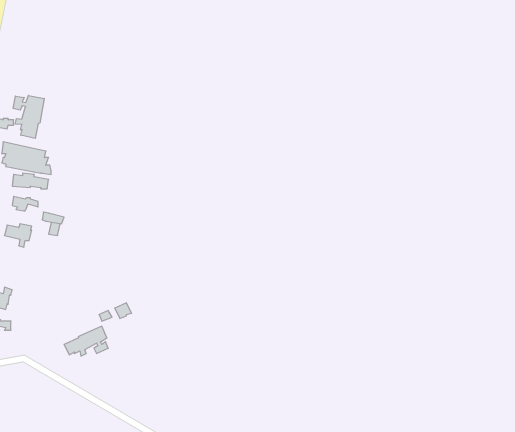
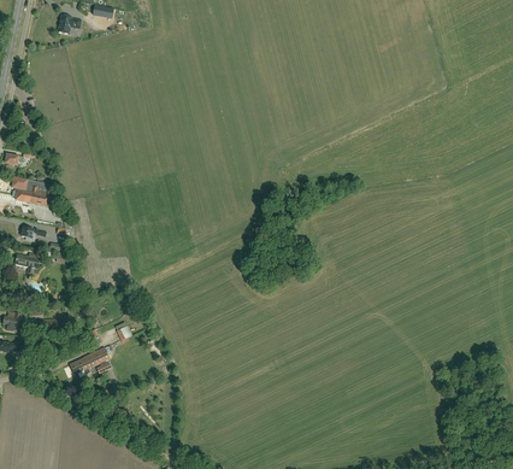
building: [13,95,44,138] -> none

